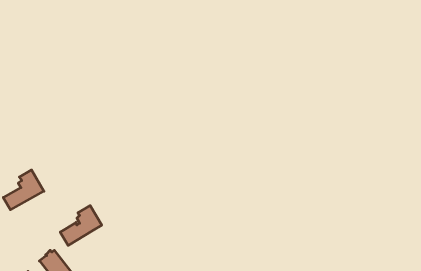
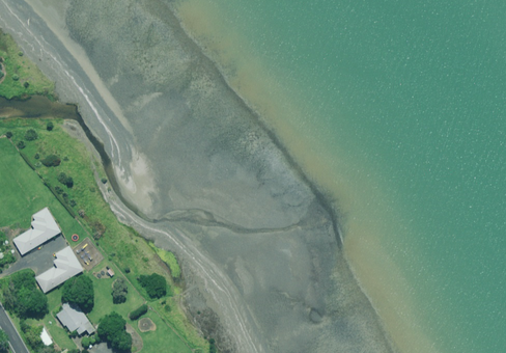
building: [60,206,102,245] -> [34,246,83,293]

